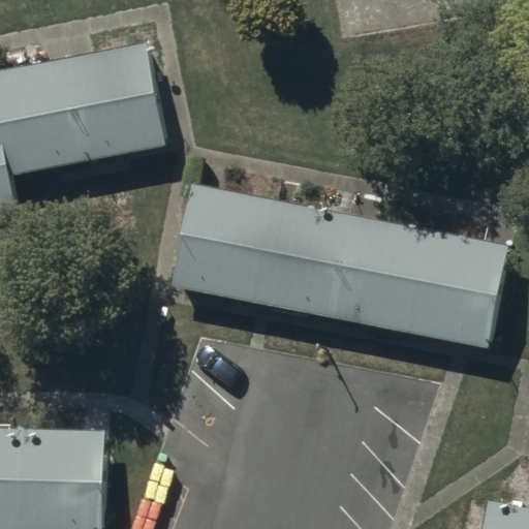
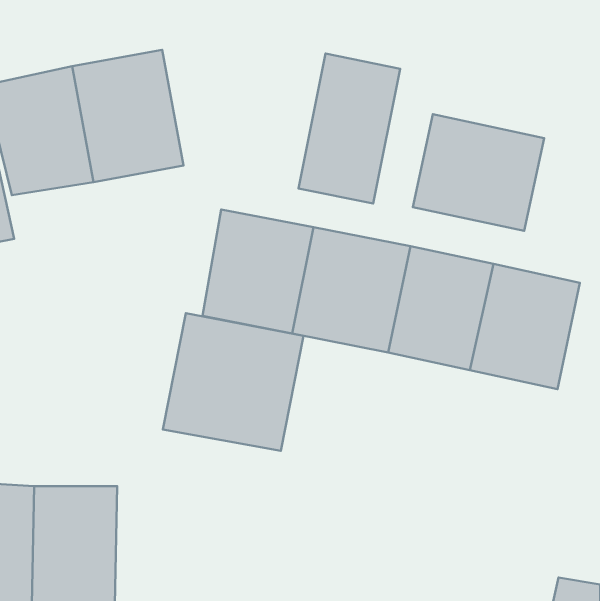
building: none -> [298,54,400,204]
building: none -> [413,114,544,231]
building: none -> [163,313,303,451]

